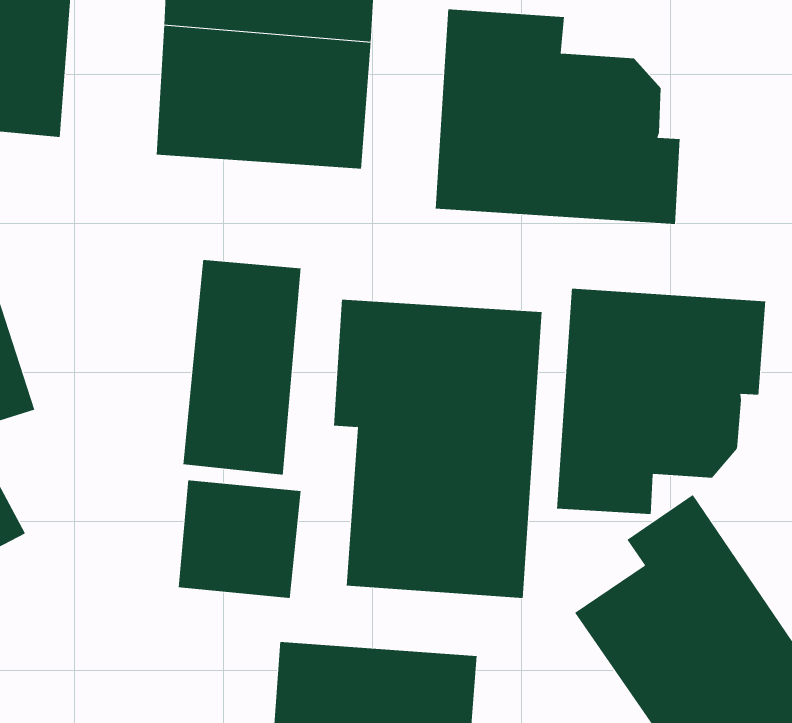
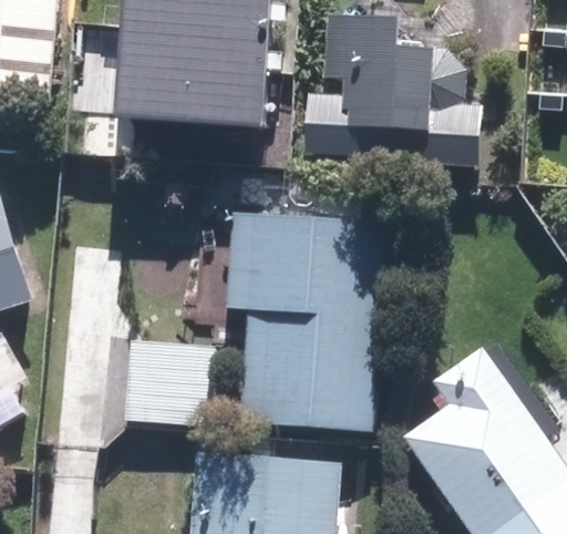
building: [183,259,301,476] -> none
building: [557,288,766,515] -> none

